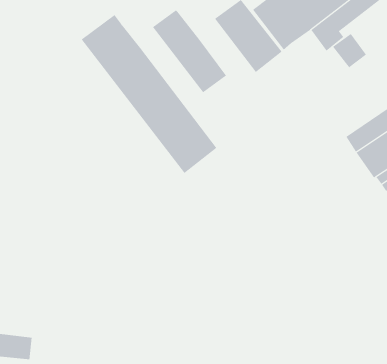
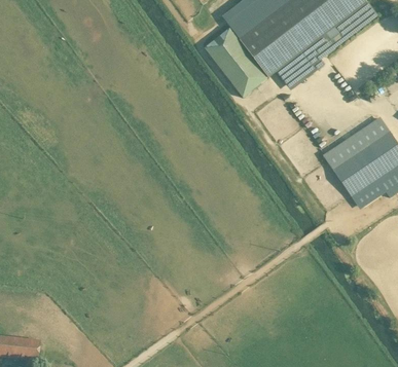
building: [152,9,227,93] -> none
building: [81,14,217,174] -> none
building: [332,33,367,68] -> [276,56,307,87]

